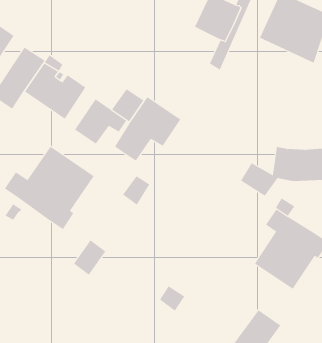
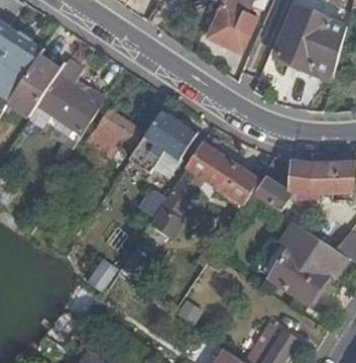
building: none -> [118,142,260,283]
building: [4,146,95,230] -> none

